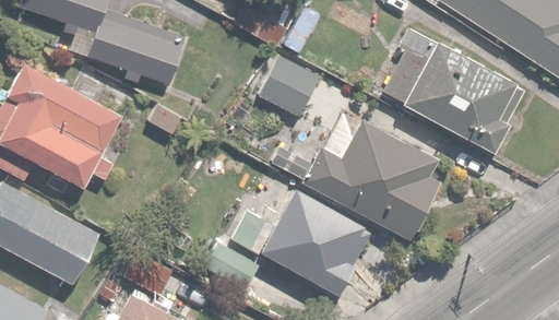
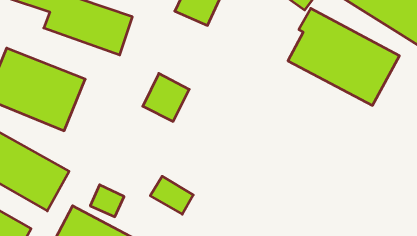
building: [259,57,319,119] -> [143,73,189,121]
building: [305,116,450,237] -> none
building: [233,189,374,294] -> none

